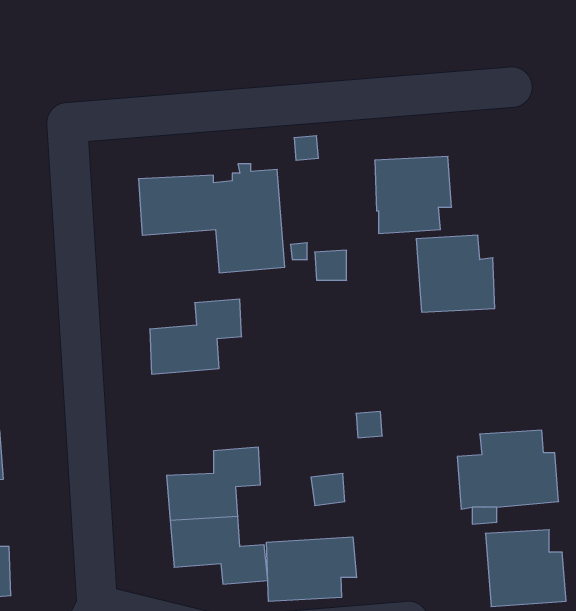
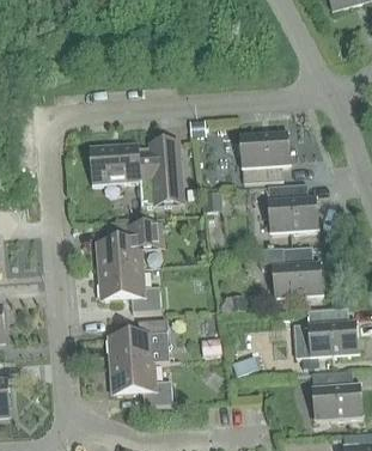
building: none -> [260,245,322,297]
building: none -> [98,267,160,310]
building: [267,537,356,601] -> none

